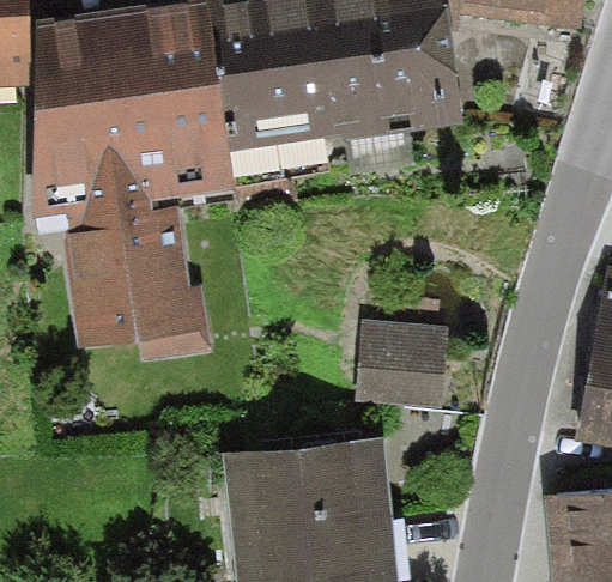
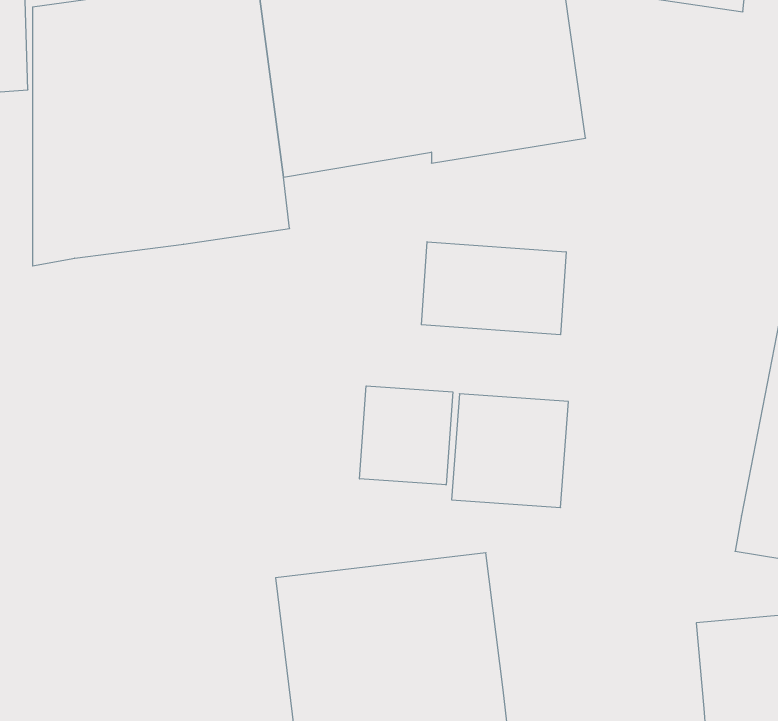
building: none -> [421,242,566,335]
building: [61,205,211,359] -> none
building: none -> [360,386,453,485]

